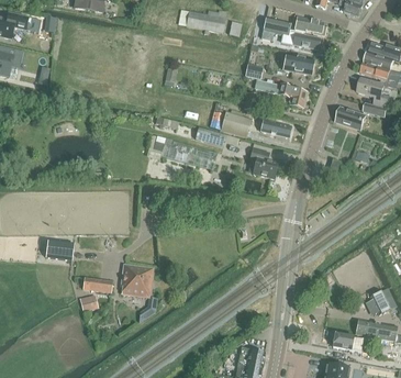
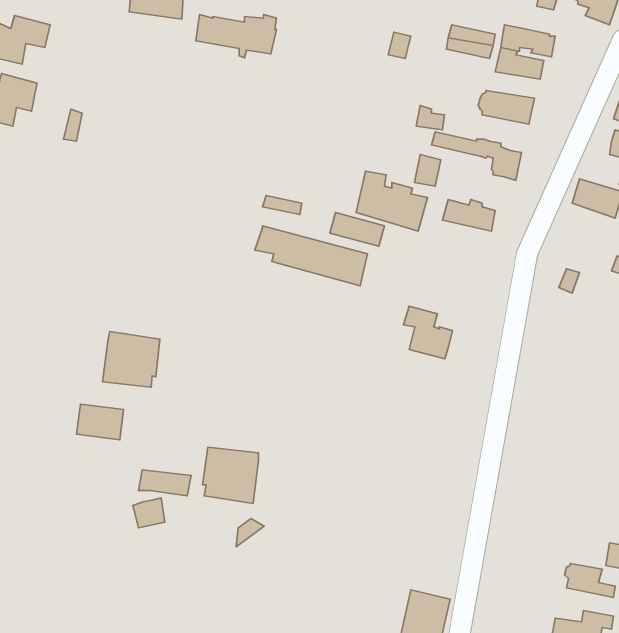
building: [179,9,226,34] -> [196,15,277,58]
building: [249,147,278,178] -> [404,306,452,359]
building: none -> [102,332,160,387]

